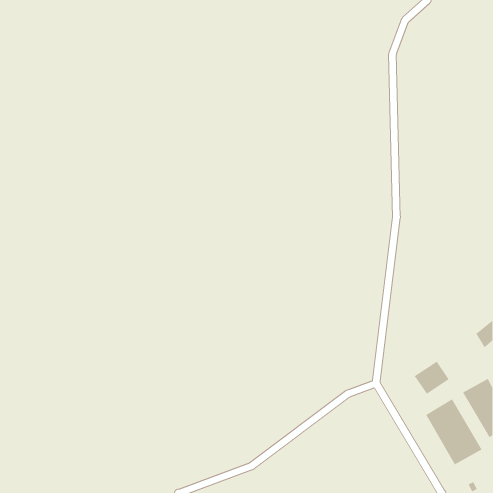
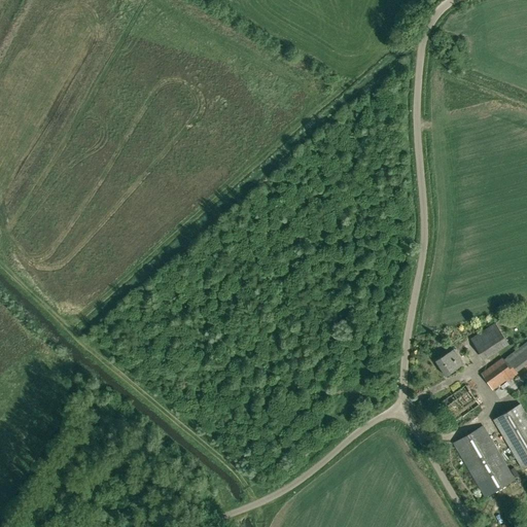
building: none -> [470,322,508,359]
building: none -> [435,349,463,375]
building: none -> [481,357,514,390]

